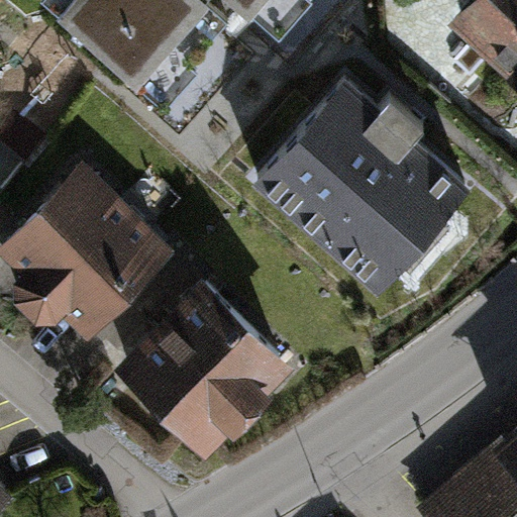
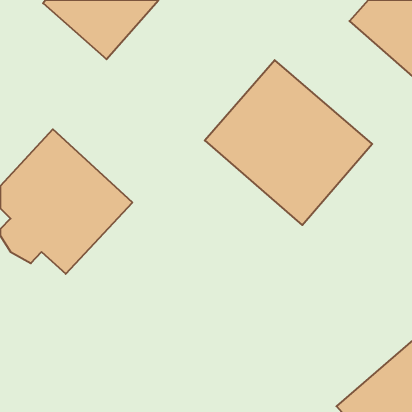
building: [123,280,296,450] -> none

